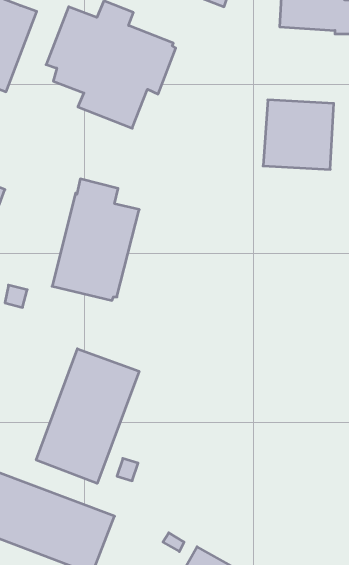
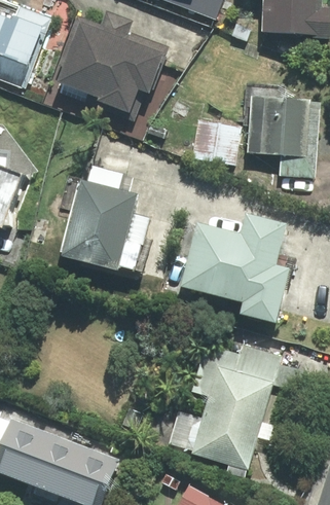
building: none -> [181,213,289,322]
building: [36,349,139,483] -> none
building: none -> [192,345,278,470]

